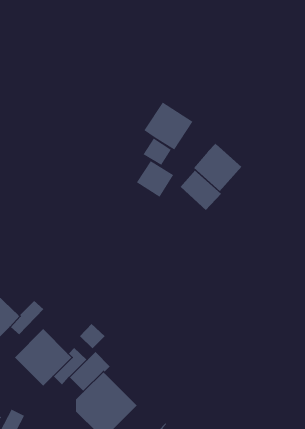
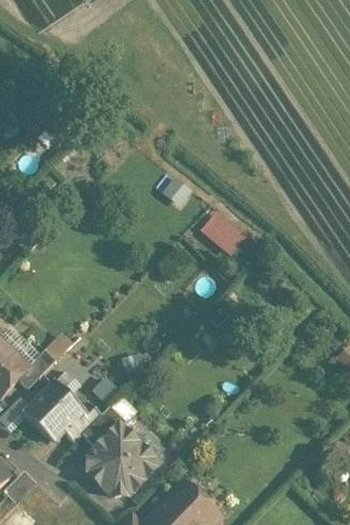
building: [143,101,193,150] -> none
building: [193,143,242,192] -> none
building: [136,160,174,198] -> none

